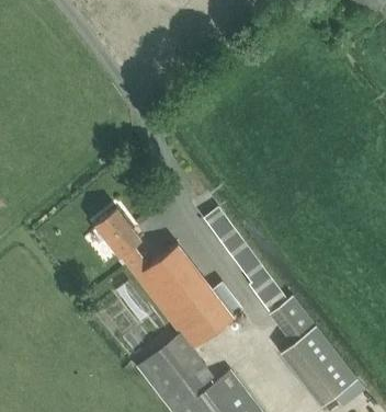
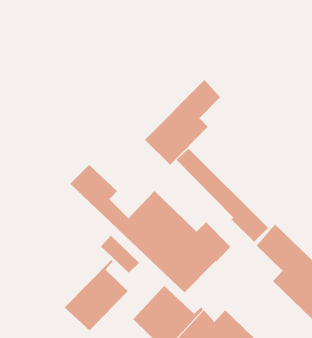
building: none -> [144,79,221,166]
building: none -> [64,259,128,331]

